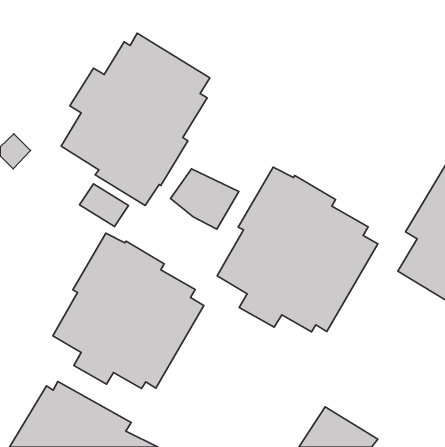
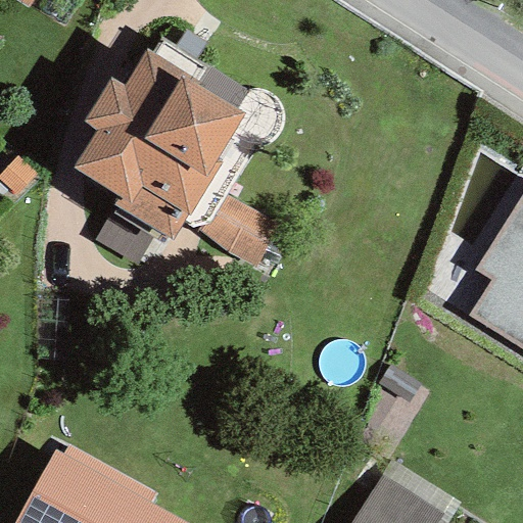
building: [217,167,378,332] -> none
building: [53,233,204,389] -> none

